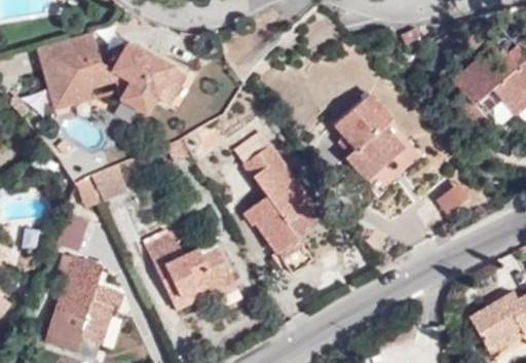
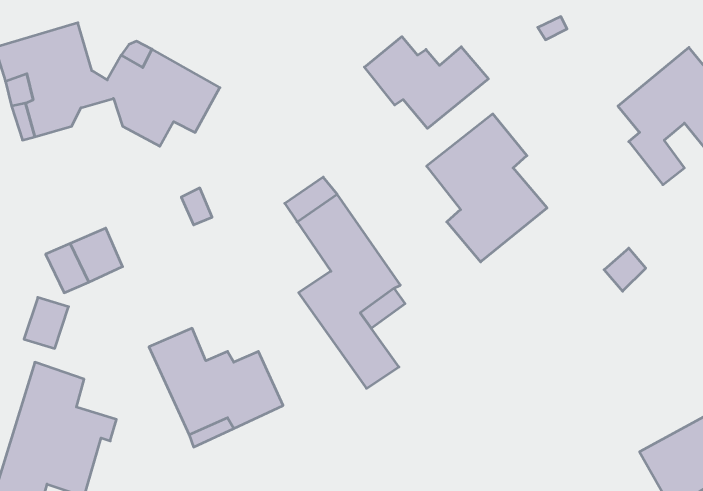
building: none -> [364,37,488,128]

